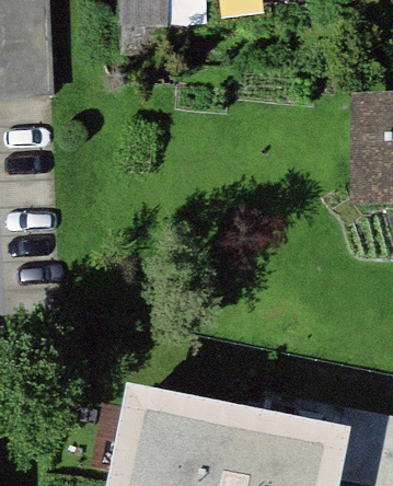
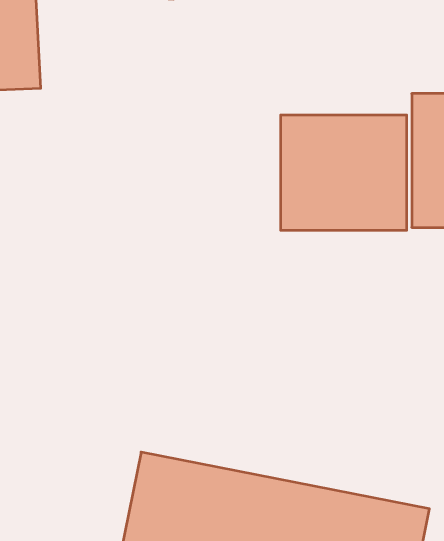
building: none -> [281,115,407,230]

